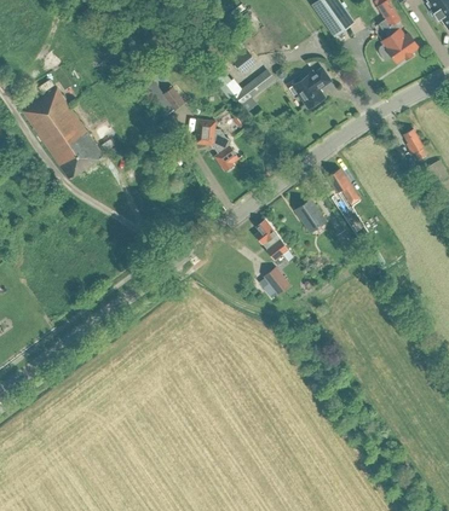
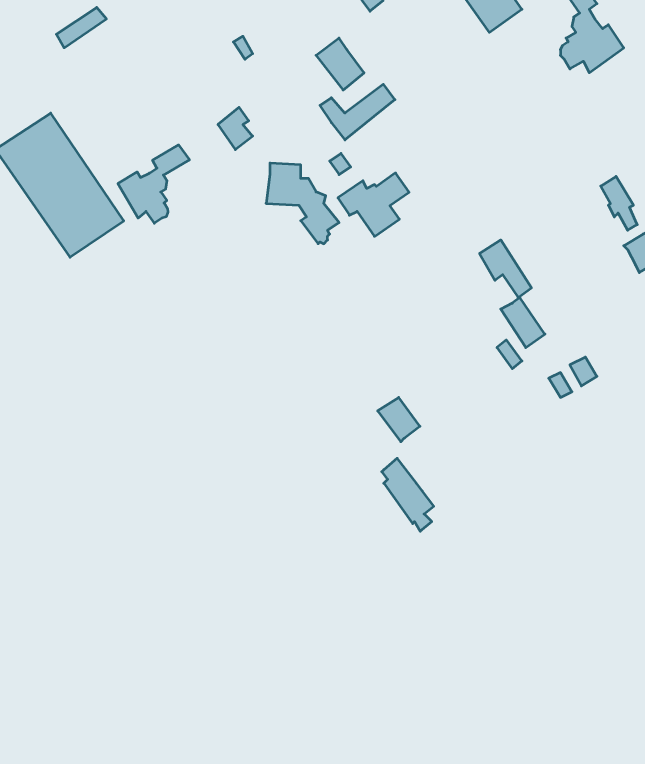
building: [287,68,332,108] -> [338,173,409,236]
building: none -> [118,145,189,223]
building: [294,198,327,233] -> none
building: [255,219,288,265] -> [382,458,434,531]

